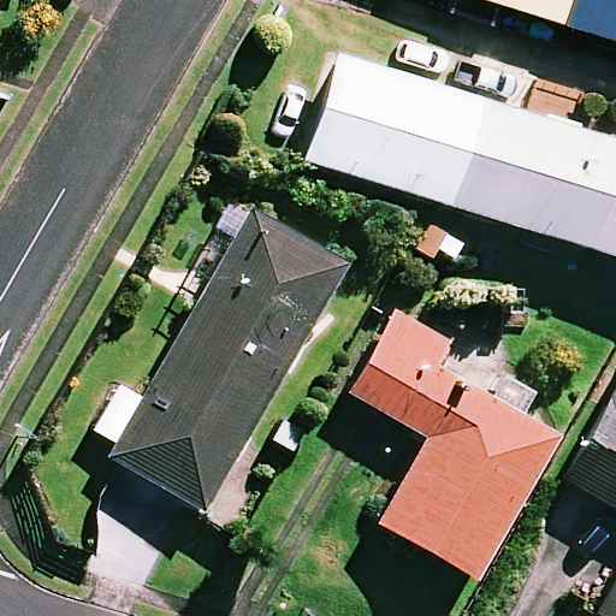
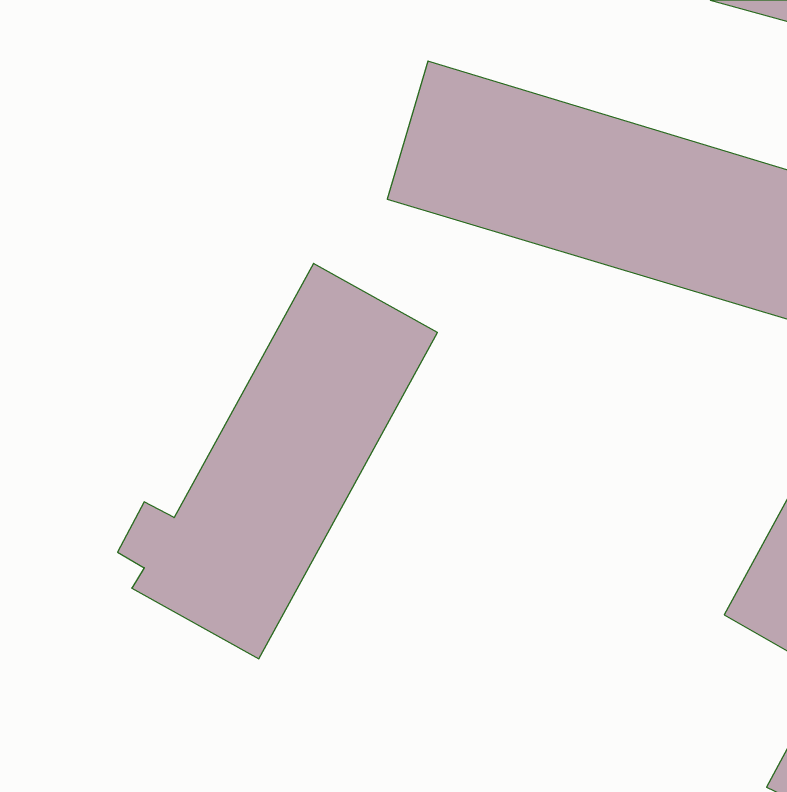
building: [350,309,557,576] -> none

